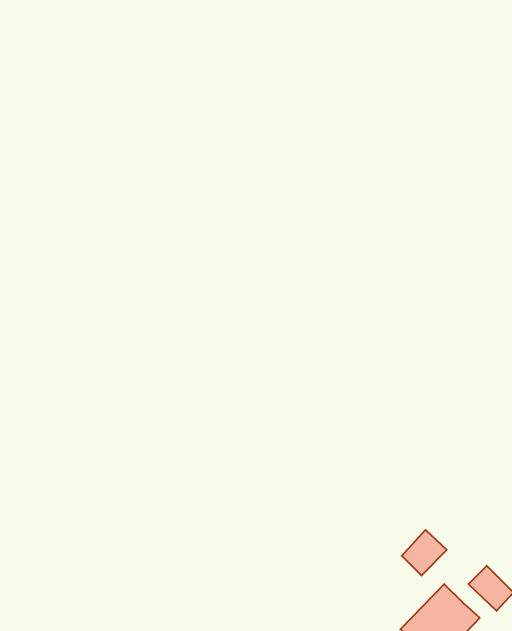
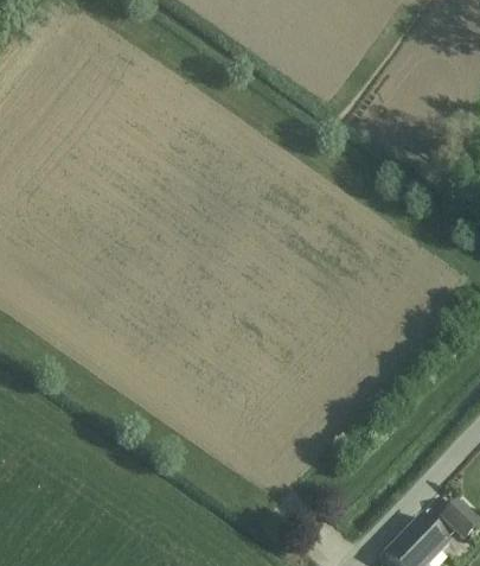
building: [402,530,447,576] -> none

